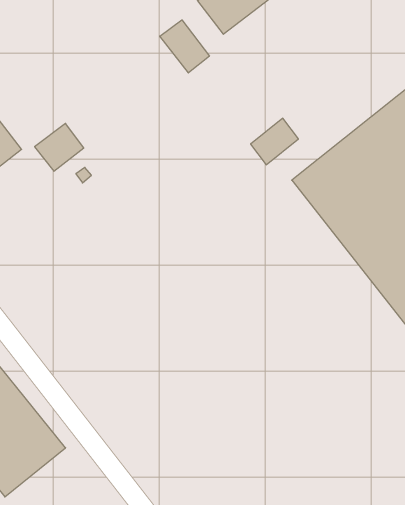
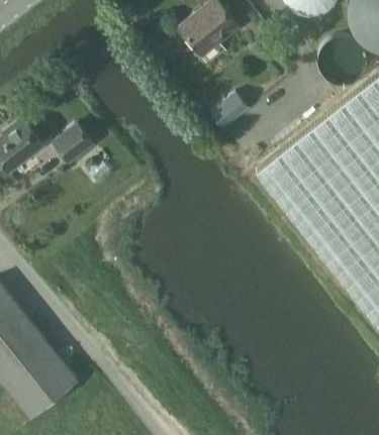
building: [160,20,209,73] -> none
building: [251,118,298,165] -> [209,94,247,130]

